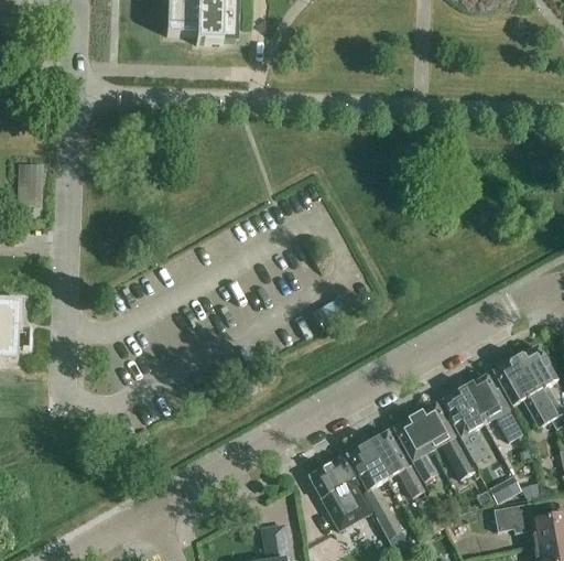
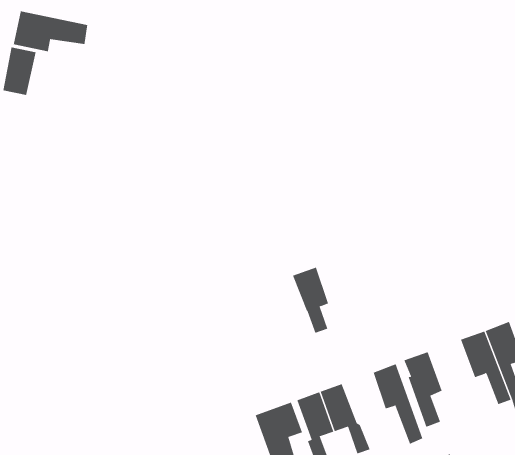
building: none -> [13,10,88,52]
building: [464,375,521,440] -> none
building: [392,416,435,479] -> [292,267,329,334]

